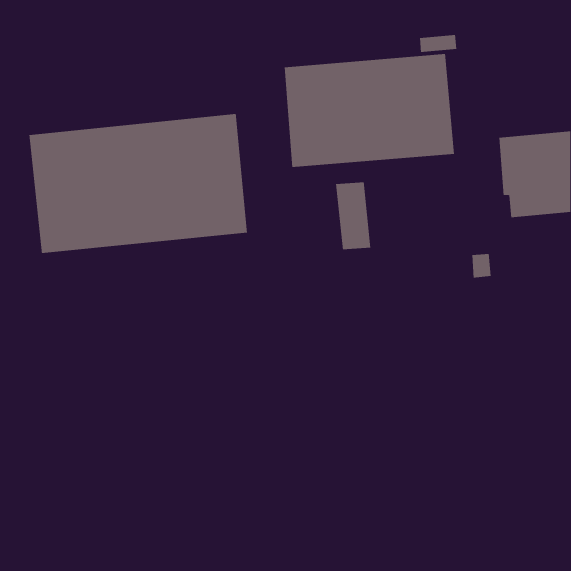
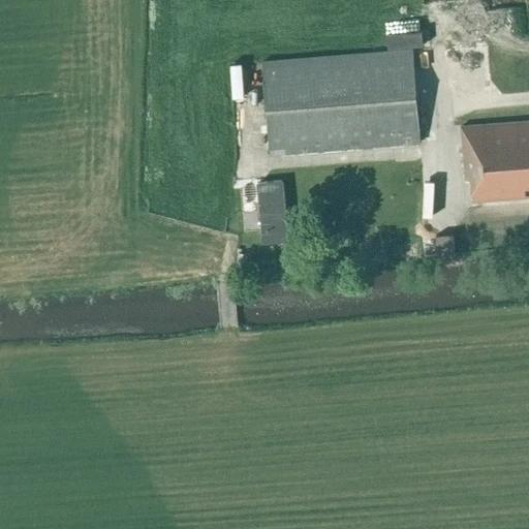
building: [29,113,247,254] -> none
building: [335,182,371,250] -> [256,181,289,244]

